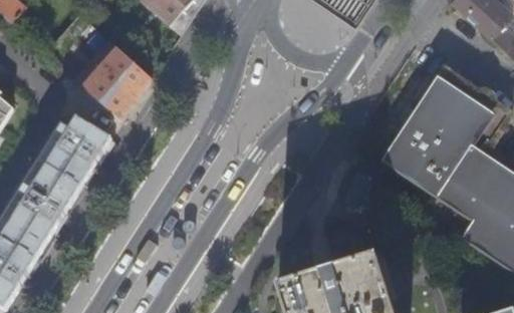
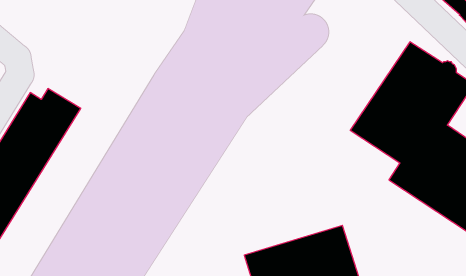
building: [75,37,154,119] -> none

